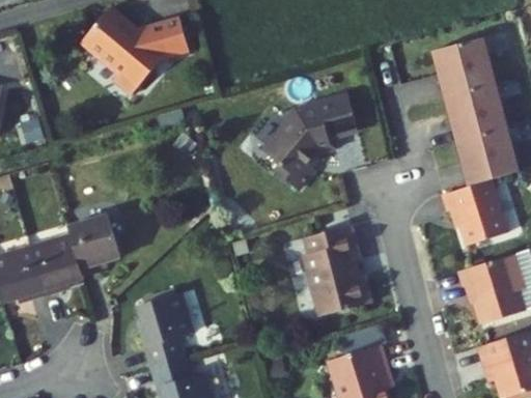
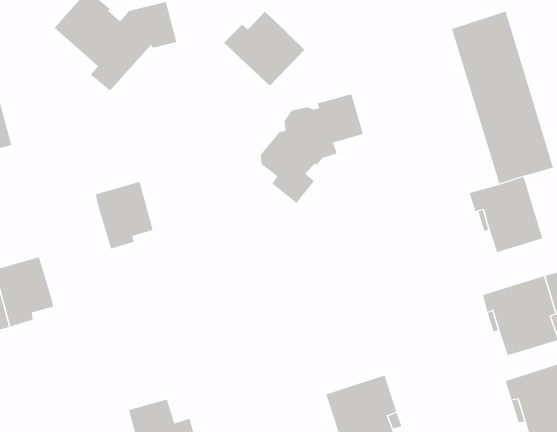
building: none -> [223,11,305,86]
building: [71,217,121,276] -> [95,181,153,249]
building: [295,228,368,319] -> none
building: [138,297,193,370] -> none

